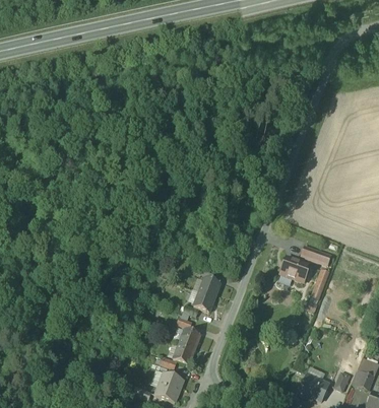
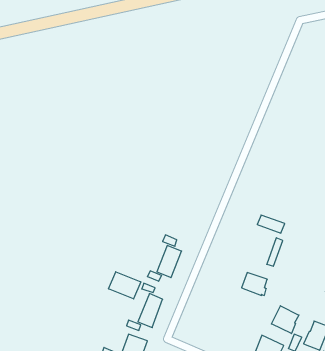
building: [279,258,307,282] -> [242,273,267,295]
building: none -> [109,272,141,299]
building: none -> [271,306,299,334]

